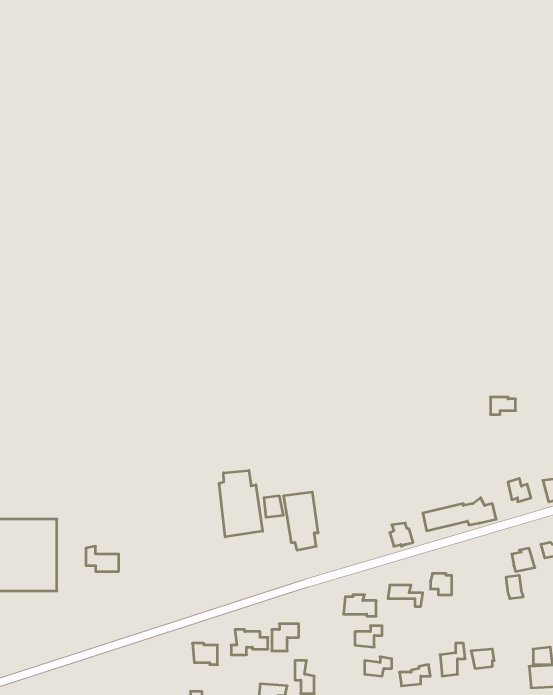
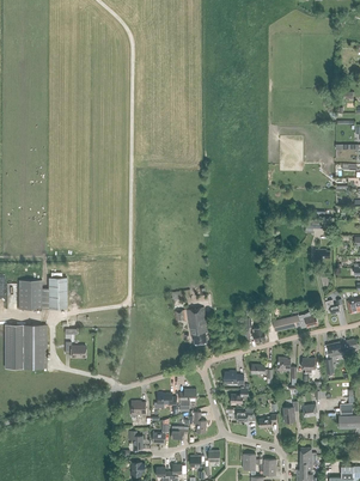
building: none -> [18,278,66,309]
building: [219,470,263,537] -> none

